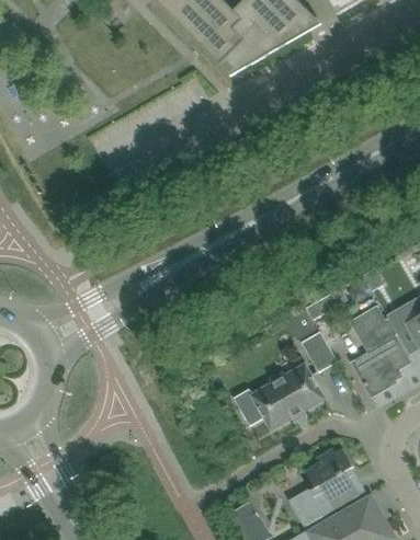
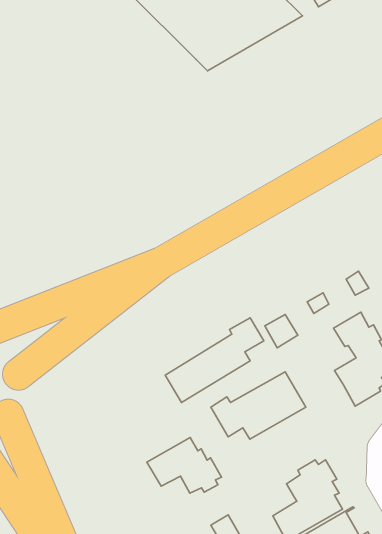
building: none -> [165,318,264,403]
building: [302,331,338,372] -> none
building: none -> [147,437,221,493]

